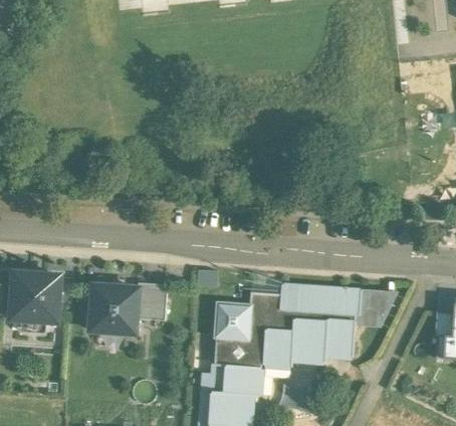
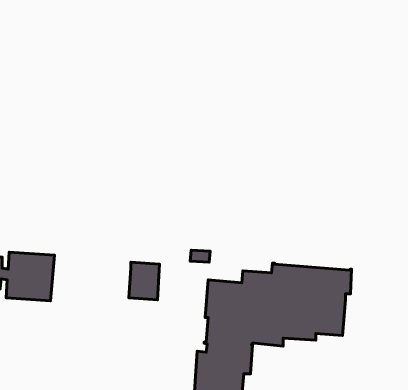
building: [91,282,139,331] -> none
building: [357,287,396,322] -> none

